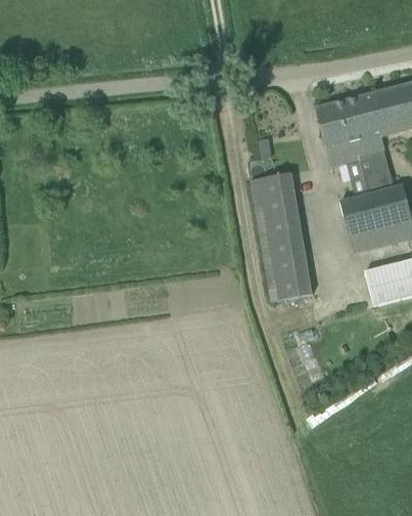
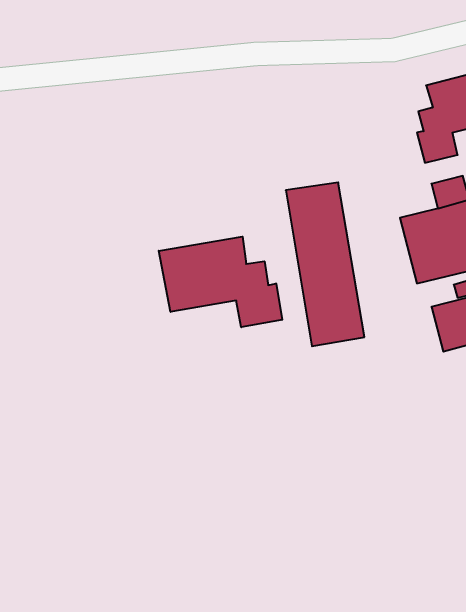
building: [317,97,365,165] -> none
building: none -> [159,237,282,327]

